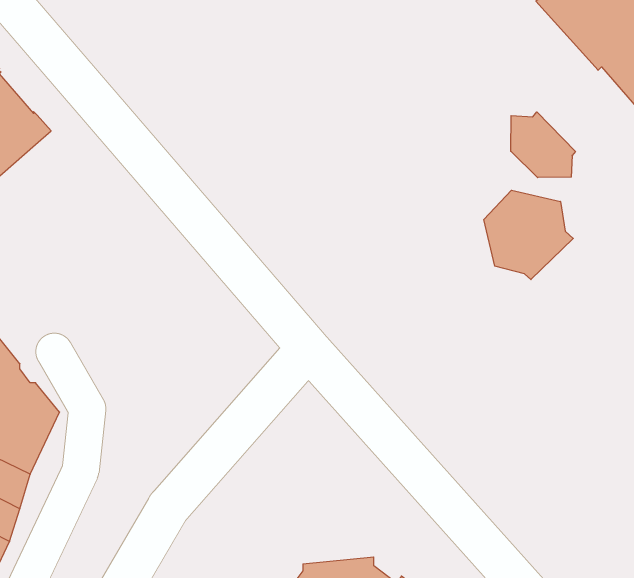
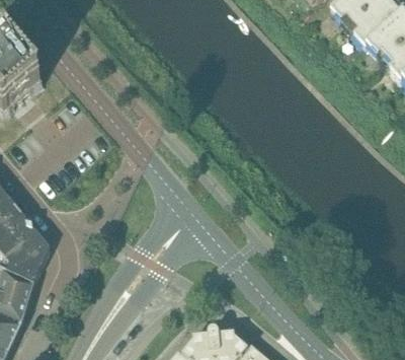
building: [511,112,575,178] -> none
building: [484,190,573,280] -> none

